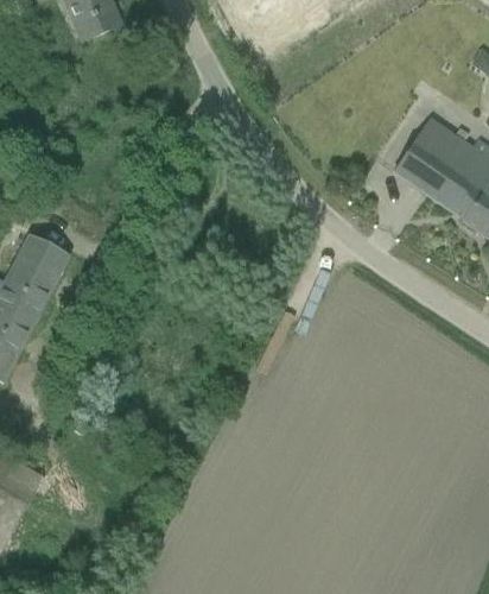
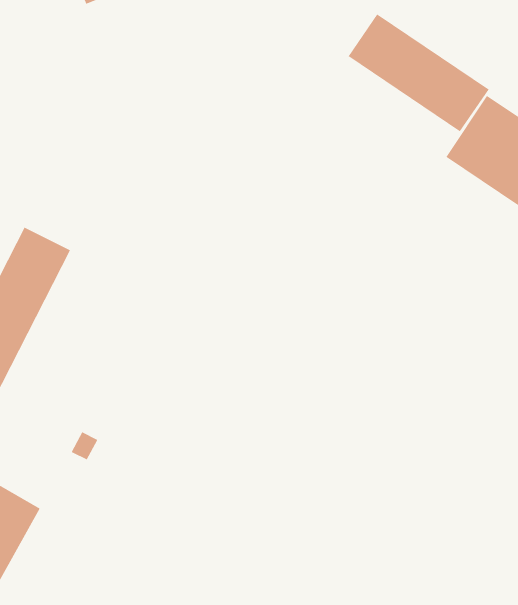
building: none -> [348,13,489,132]

